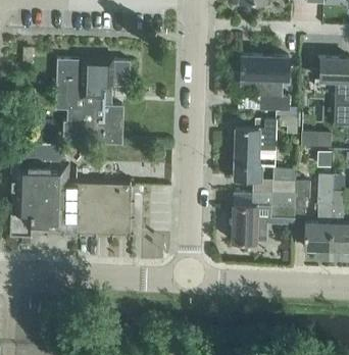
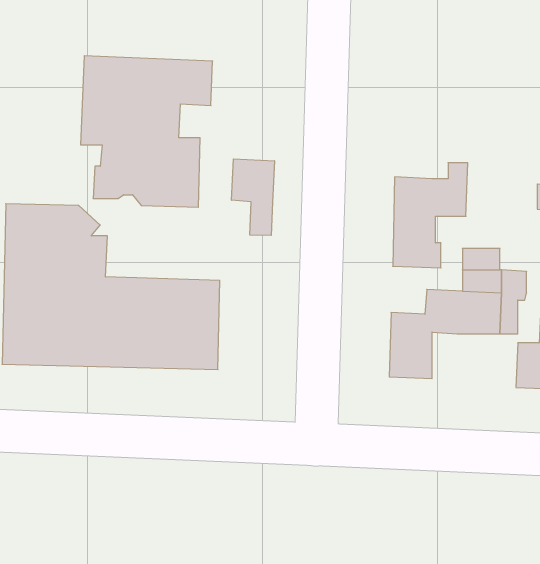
building: [241,55,289,111] -> none
building: none -> [232,159,274,235]

